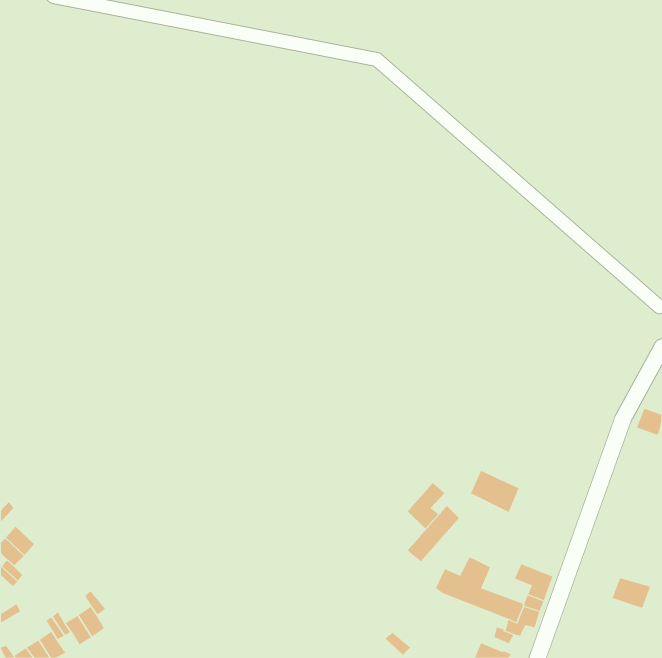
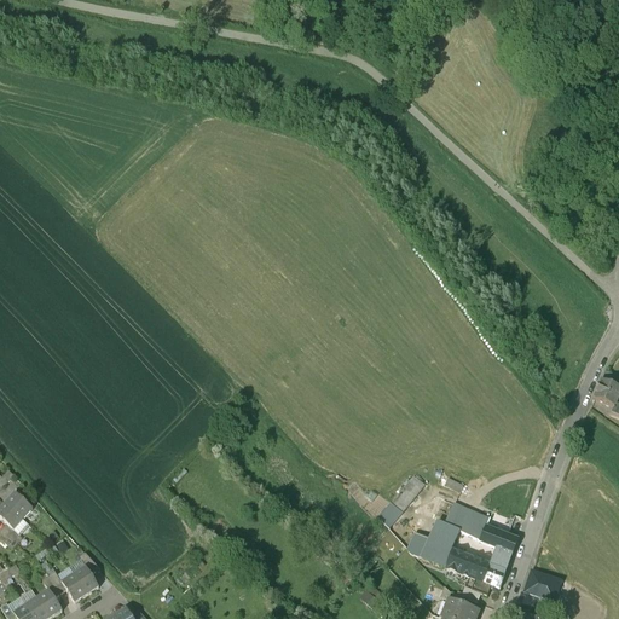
building: [470,470,519,513] -> [444,501,490,540]
building: [407,482,445,529] -> none
building: [612,578,651,609] -> [523,571,560,600]

